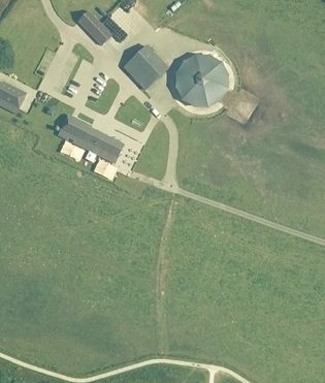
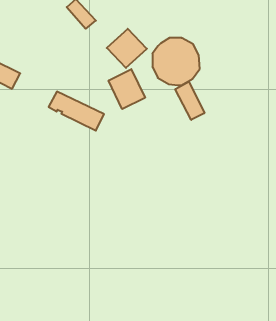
building: none -> [109,69,145,109]
building: none -> [175,81,204,120]

